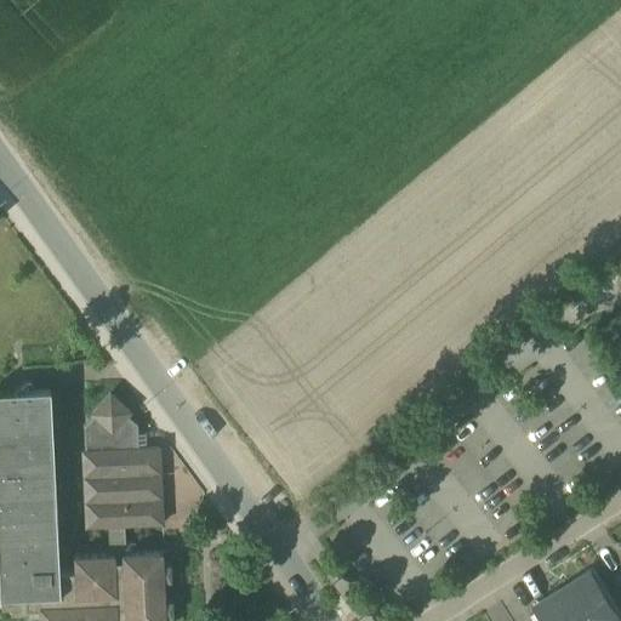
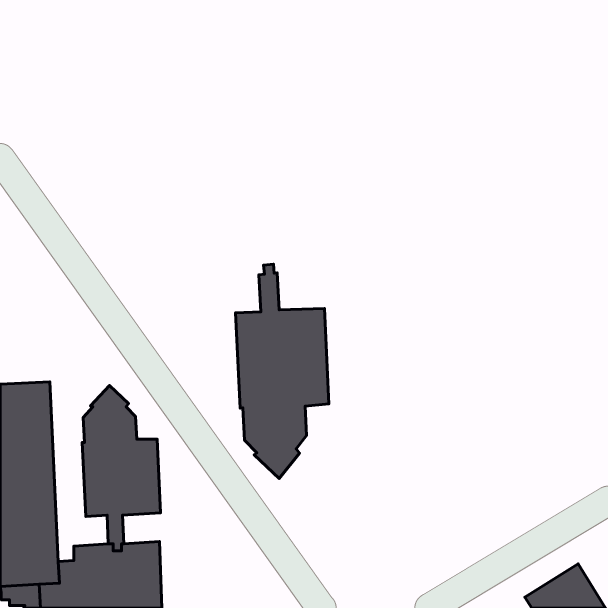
building: none -> [235,264,329,478]

